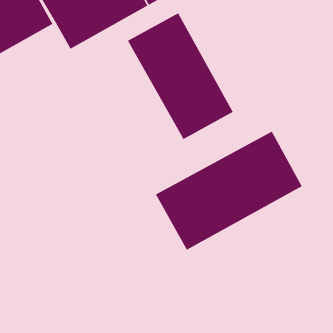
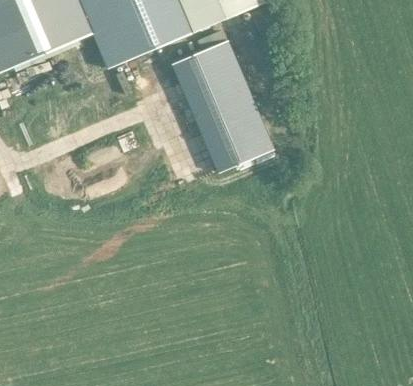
building: [155,131,303,251] -> none

